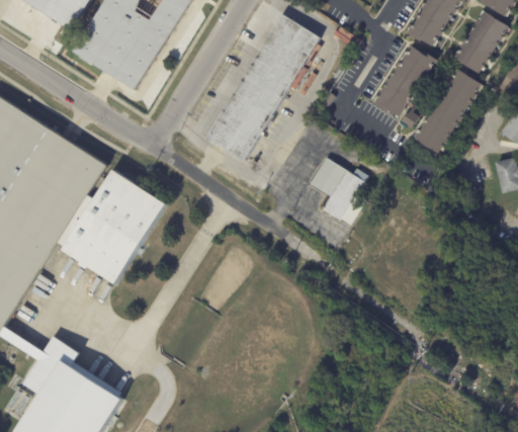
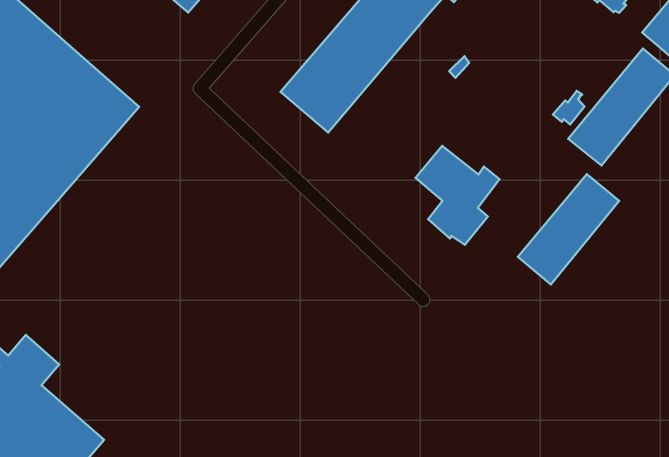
building: [370,46,434,118] -> none
building: none -> [518,174,619,285]
building: [63,169,167,284] -> none

